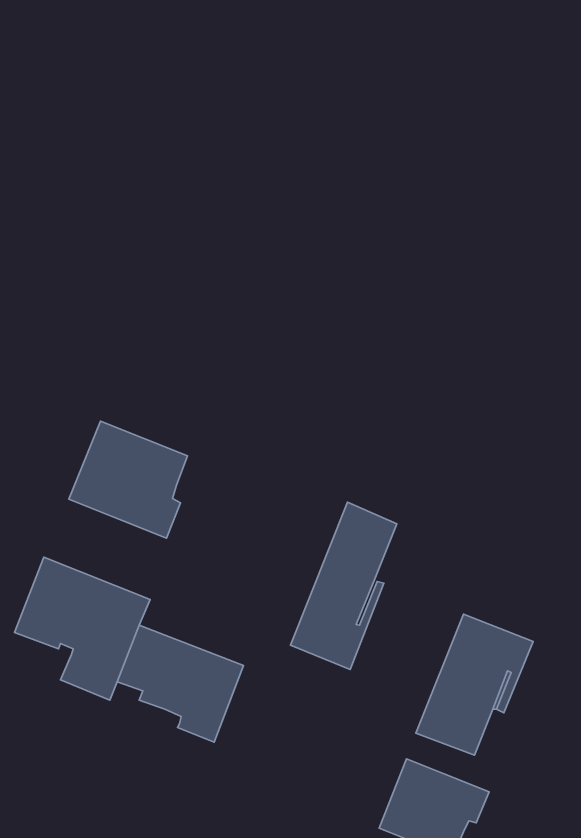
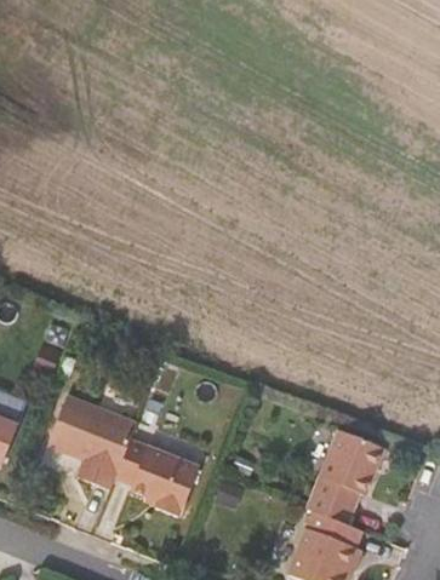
building: [69,421,187,538] -> none
building: [290,502,397,669] -> none

